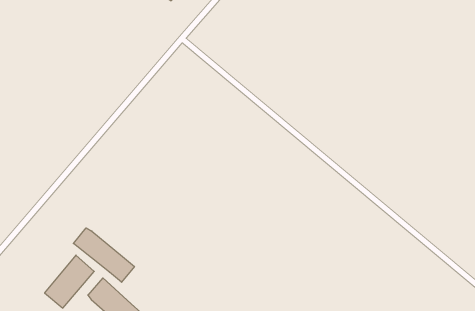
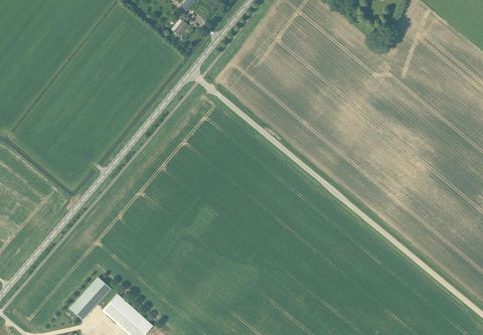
building: [73,228,134,282] -> none

